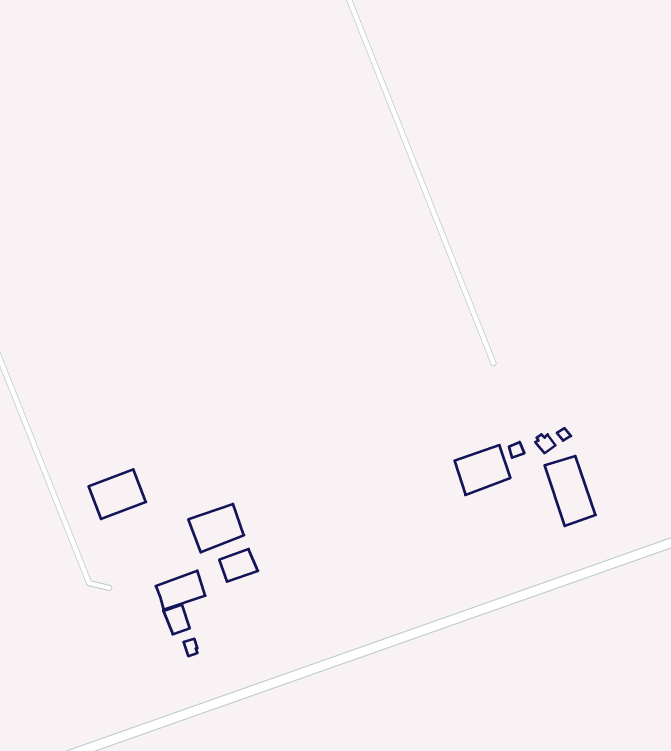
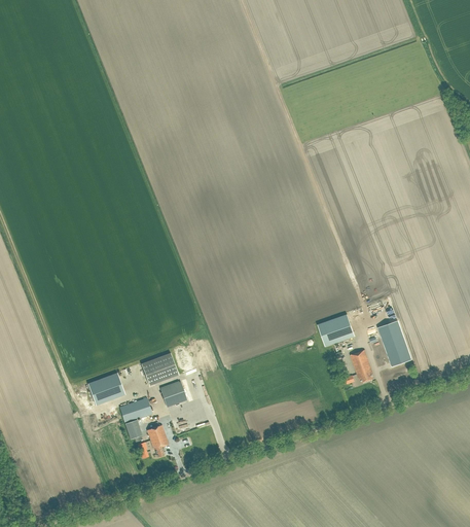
building: [89,469,146,519] -> [86,373,124,406]
building: none -> [349,350,372,383]
building: none -> [146,424,168,457]

